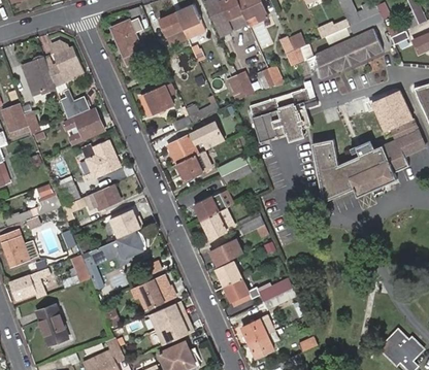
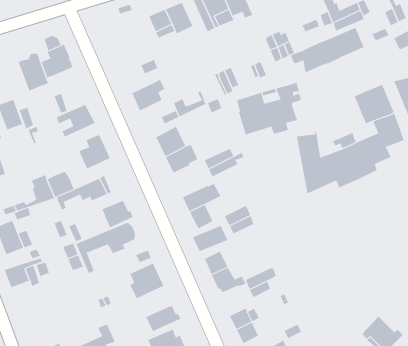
building: [110,20,144,65] -> none
building: [188,120,226,149] -> none
building: [150,301,182,330] -> none
building: [36,304,67,345] -> none

